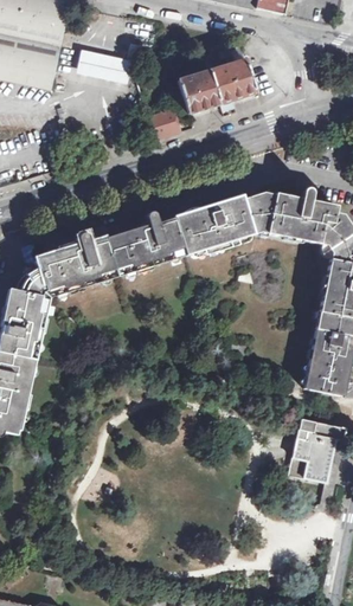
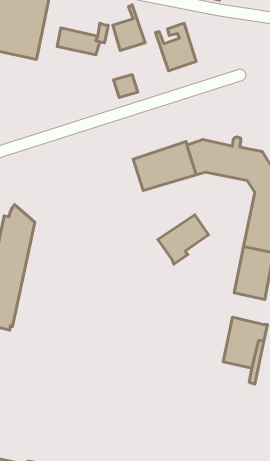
building: [178,54,219,112] -> [113,5,145,50]
building: [23,211,187,296] -> none
building: none -> [158,215,208,264]

